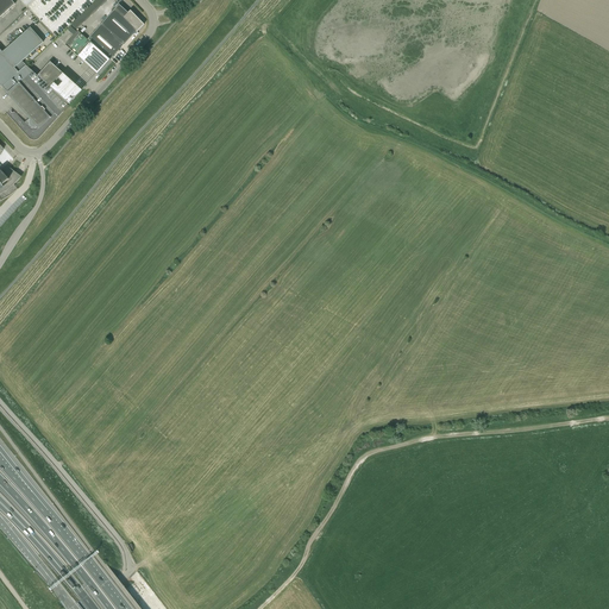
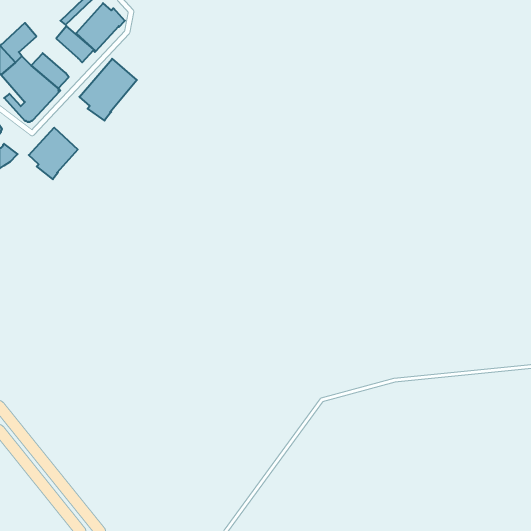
building: none -> [79,59,137,121]
building: none -> [29,128,78,179]

